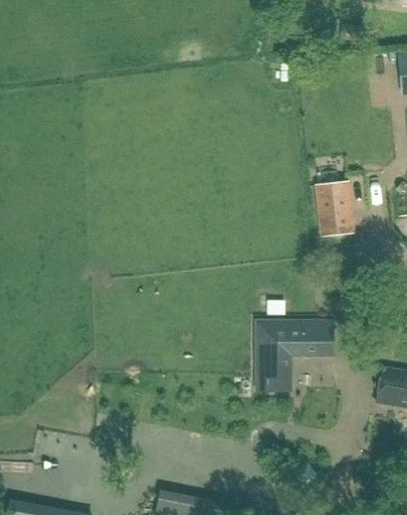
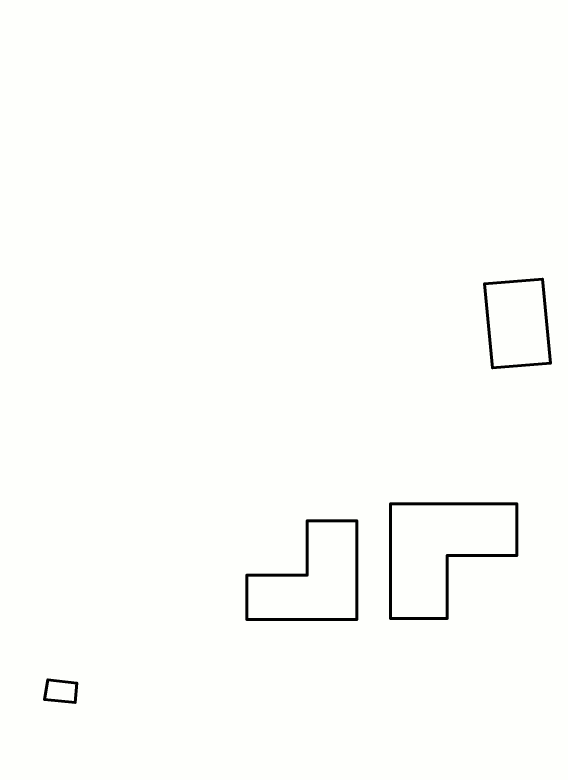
building: none -> [247,521,357,620]

